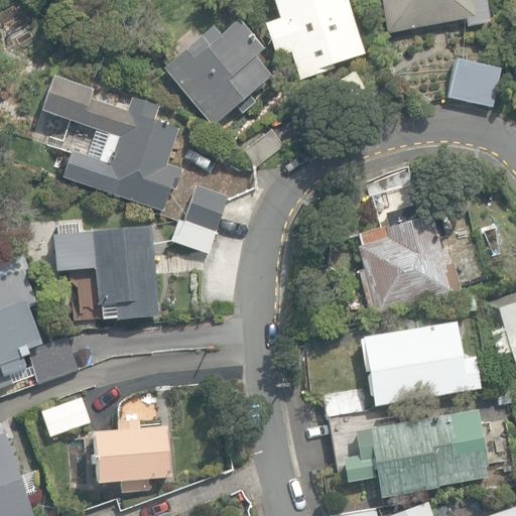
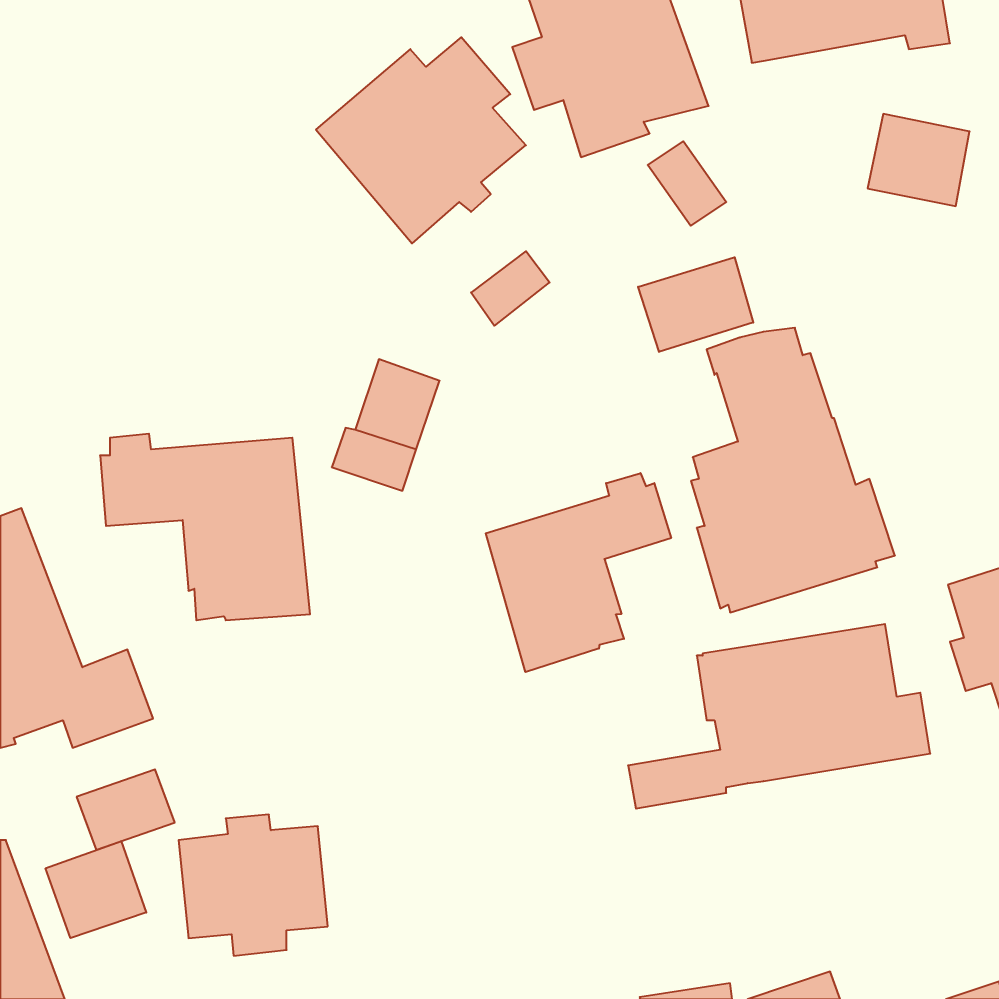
building: [42,76,183,210] -> none
building: none -> [638,257,753,352]
building: none -> [486,473,671,672]
building: [330,408,488,496] -> none
building: none -> [46,841,146,938]

